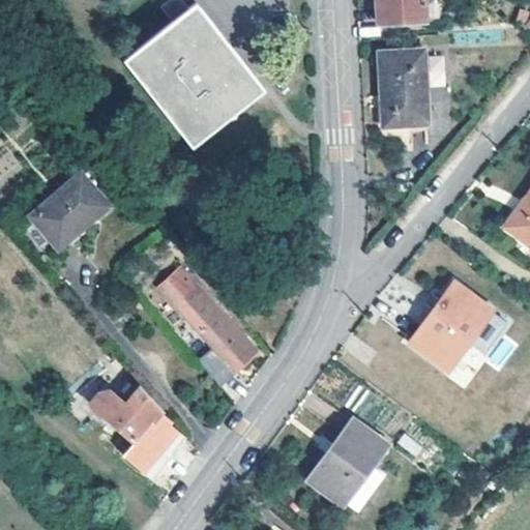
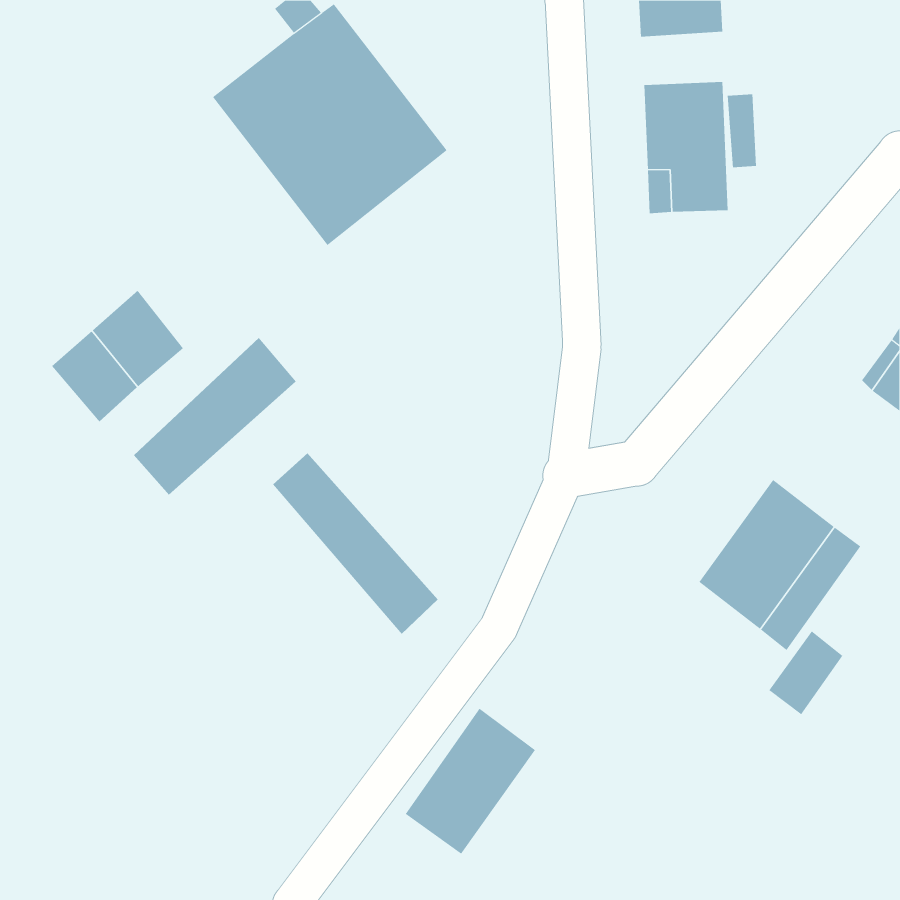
building: none -> [133,337,296,495]
building: none -> [769,631,843,715]
building: [92,388,186,480] -> none
building: [307,420,384,506] -> [405,708,536,854]

